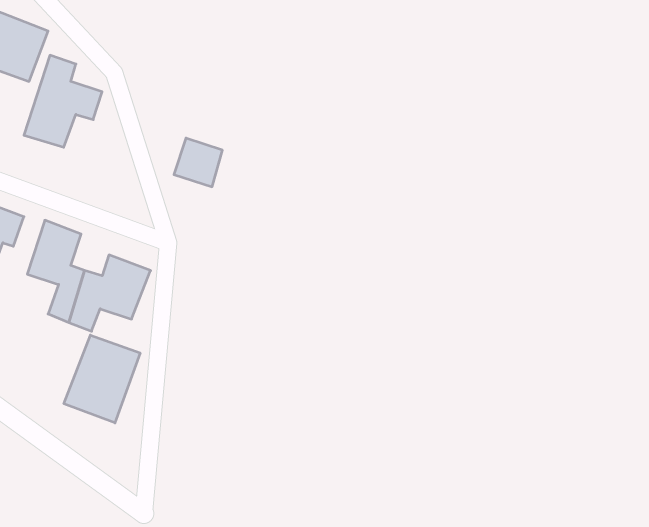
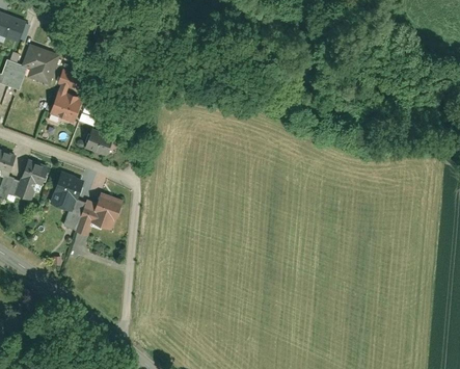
building: [174,138,222,187] -> [83,127,112,156]
building: [64,335,140,423] -> none

